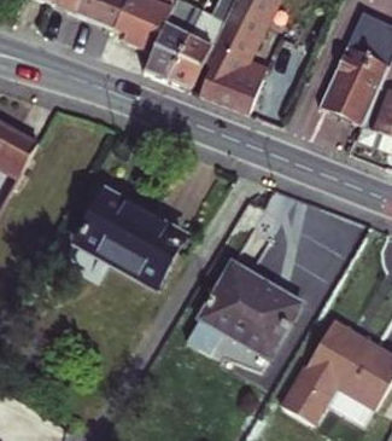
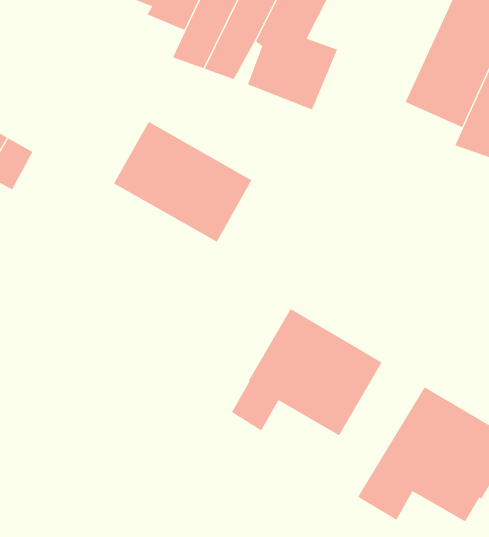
building: [78,193,183,285] -> [113,121,252,243]

